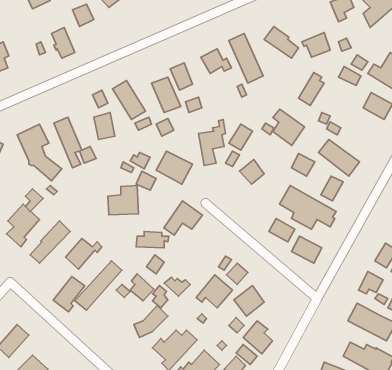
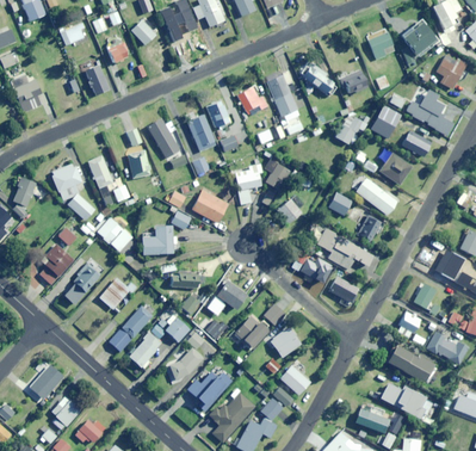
building: [273,109,305,146] -> [379,148,412,185]
building: none -> [97,217,132,252]
building: [164,201,203,235] -> [206,280,246,315]
building: [53,276,85,312] -> [129,333,161,369]

